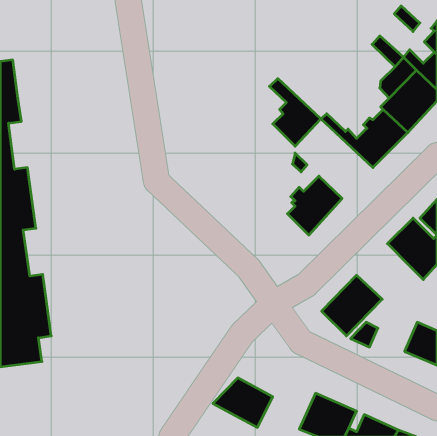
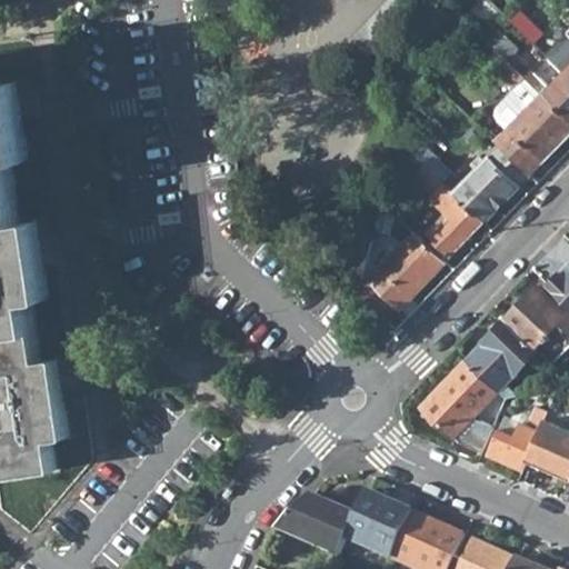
building: [269,79,321,146] -> [418,167,485,254]
building: none -> [463,318,536,399]
building: none -> [483,407,546,470]
building: none -> [343,492,410,559]

